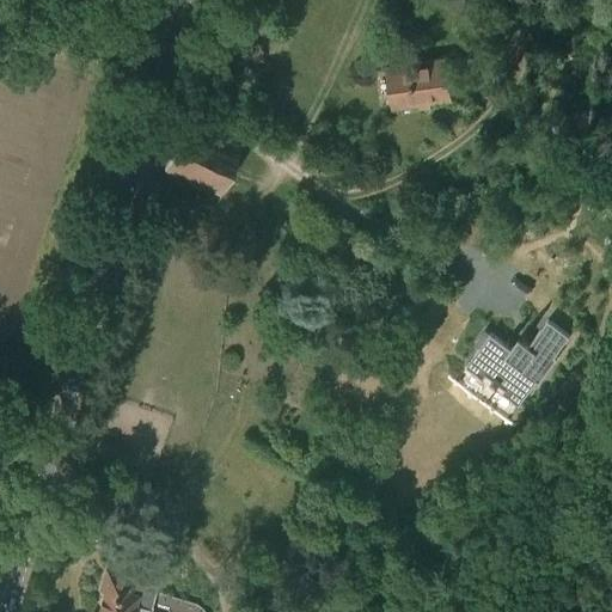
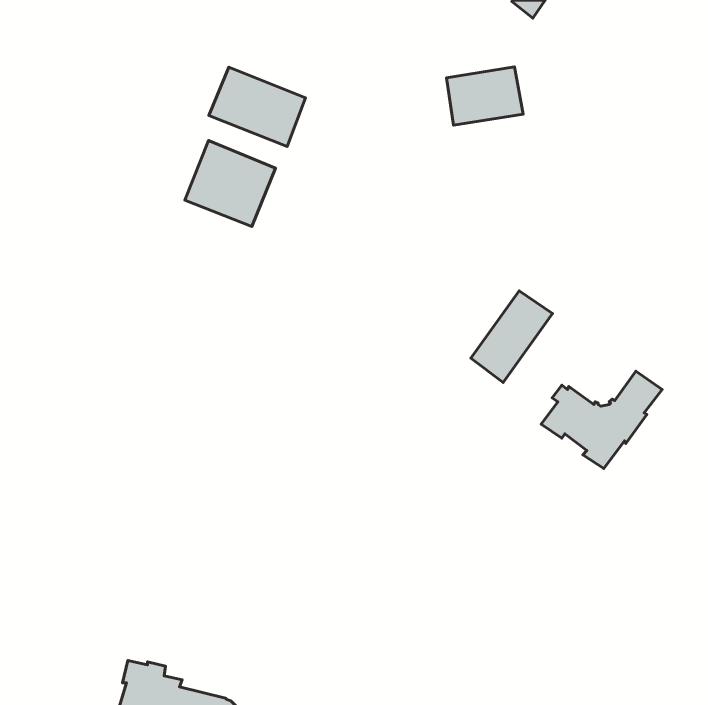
building: none -> [209,67,306,146]
building: none -> [471,291,553,383]

